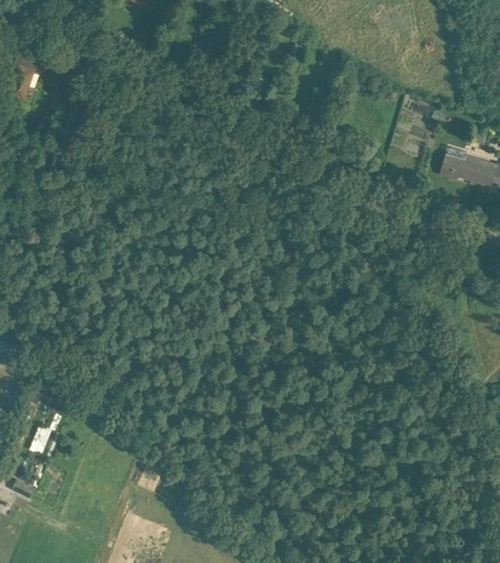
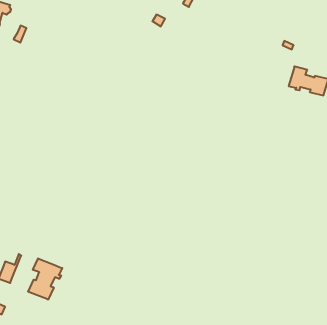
building: none -> [28,258,62,300]

